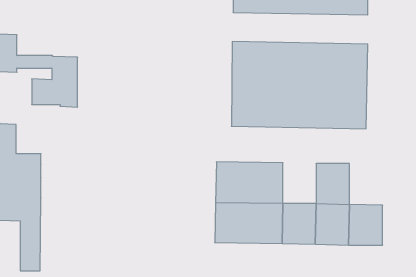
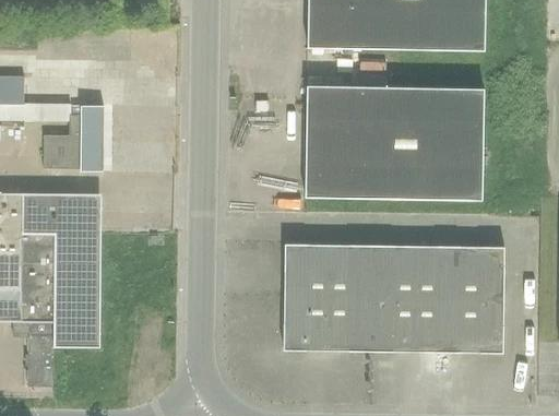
building: none -> [22,194,102,347]
building: none -> [372,245,416,298]
building: none -> [460,246,504,300]

